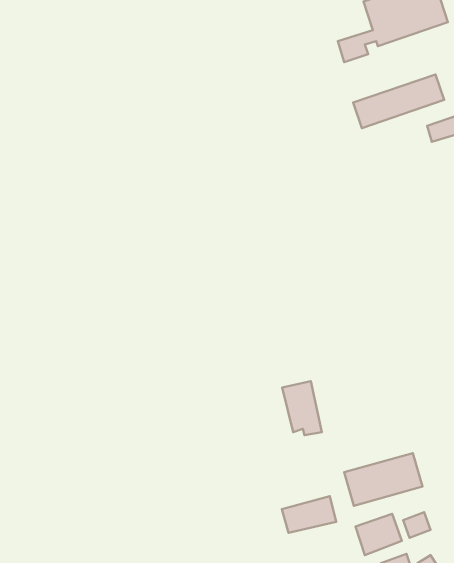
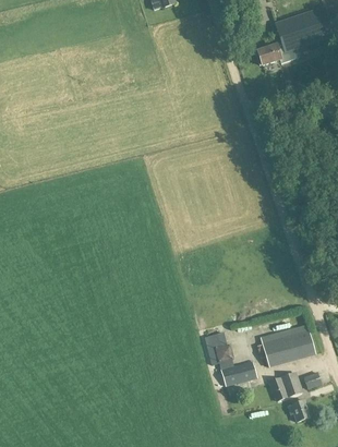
building: [353,74,444,128] -> none
building: [282,381,322,435] -> [203,329,230,366]

